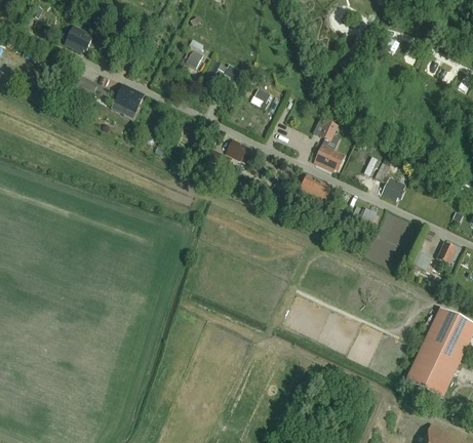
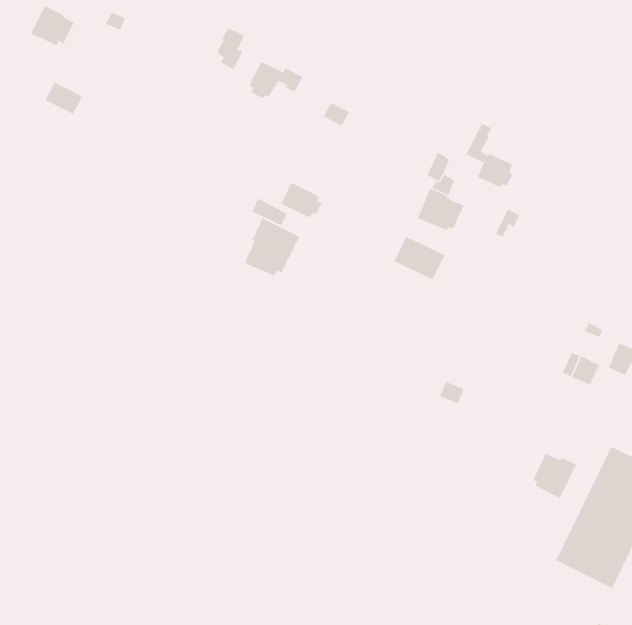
building: [114,85,144,119] -> none
building: [375,158,405,200] -> [466,123,513,188]
building: none -> [244,218,300,277]
building: none -> [533,453,577,499]

